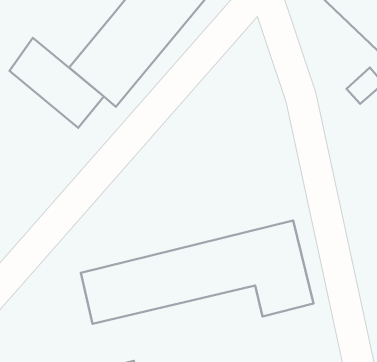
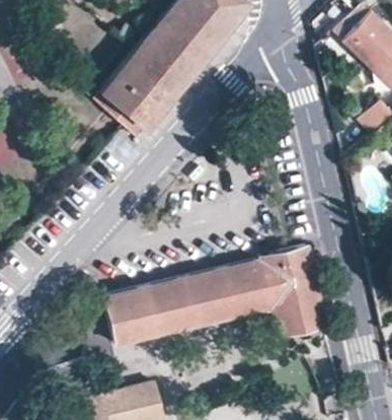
building: [10,38,104,128] -> none

